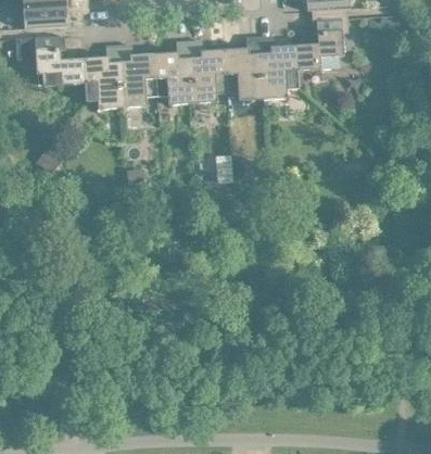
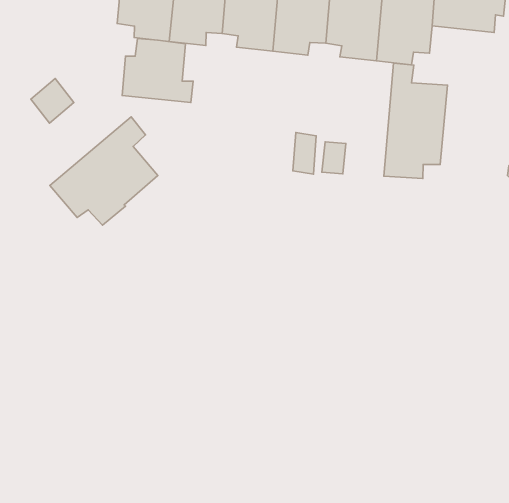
building: none -> [384,63,447,178]
building: none -> [122,38,193,102]
building: none -> [50,117,158,225]

